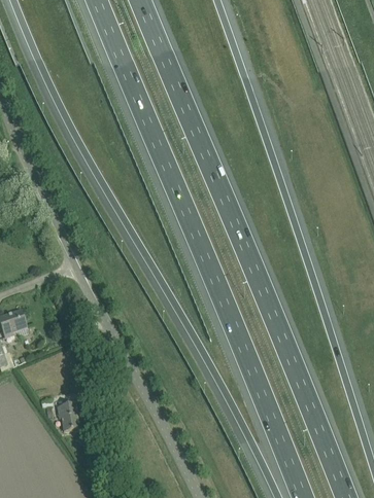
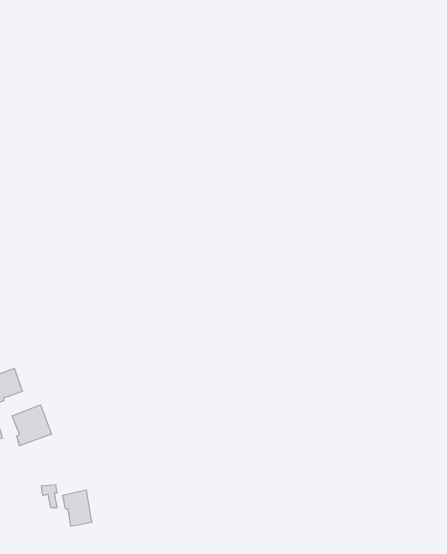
building: none -> [12,405,51,446]

